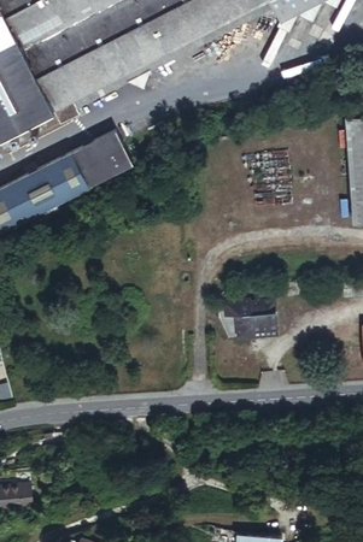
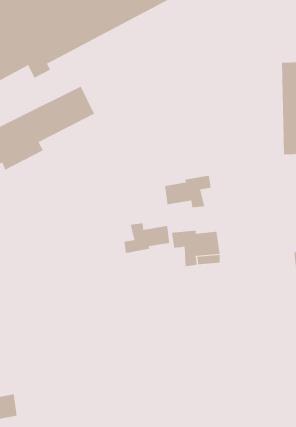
building: none -> [164,175,211,208]
building: none -> [124,223,170,254]

